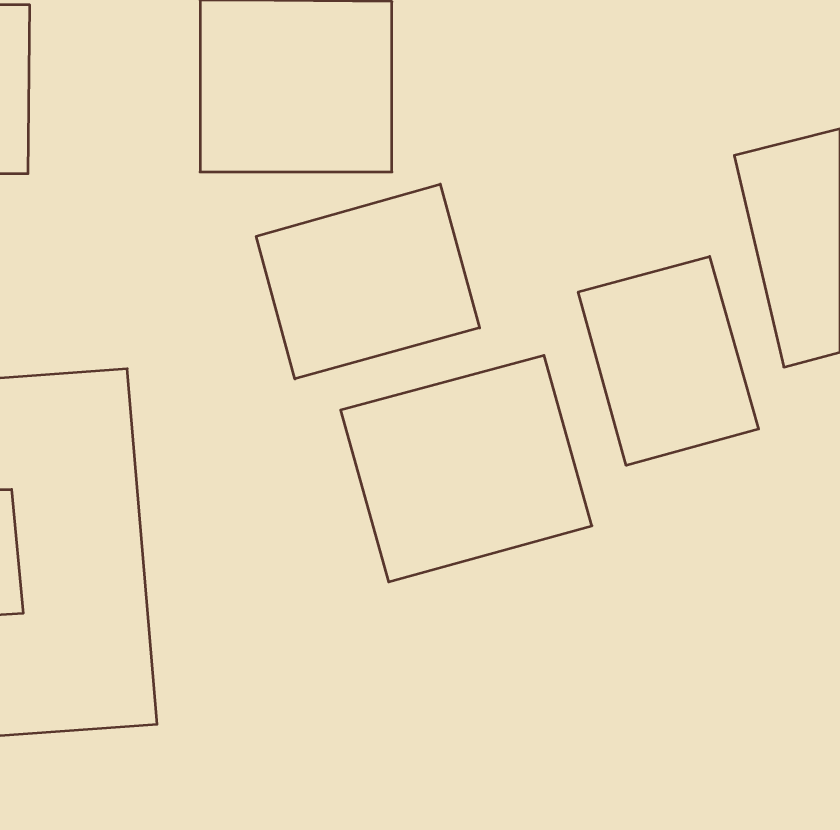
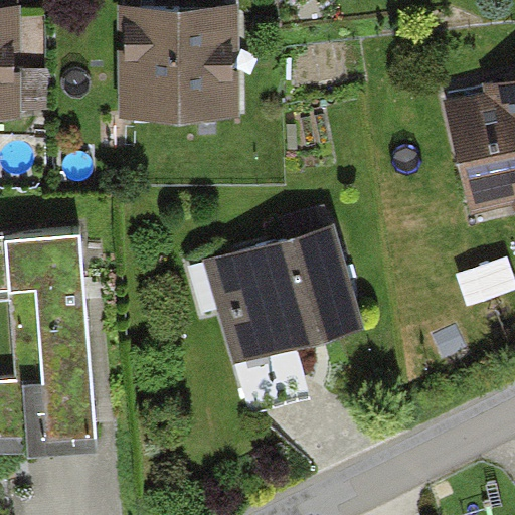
building: [256,184,480,379] -> none
building: [578,256,759,465] -> none

